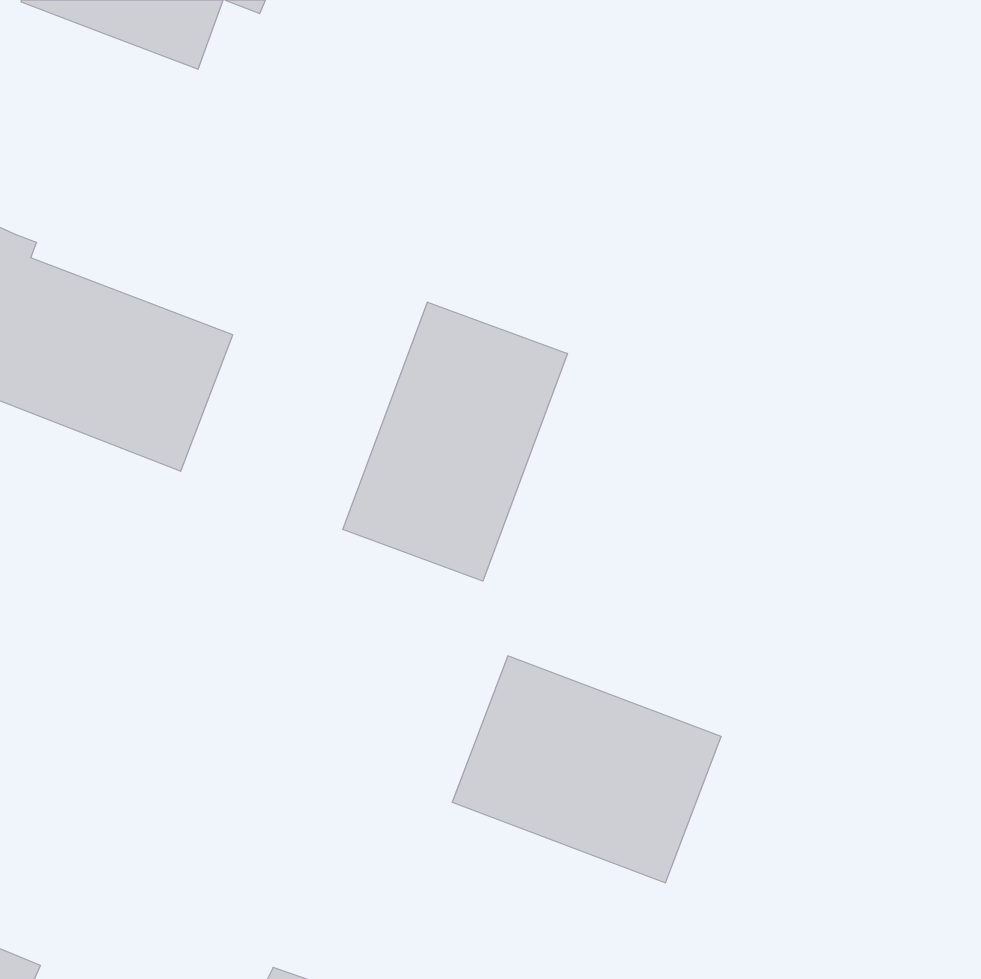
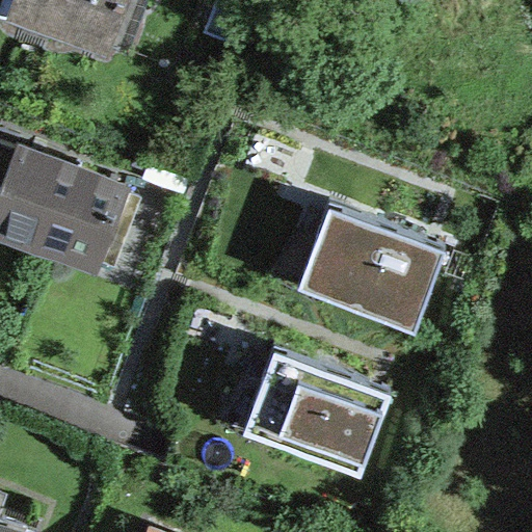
building: [343,302,567,581] -> none
building: none -> [297,212,444,336]

